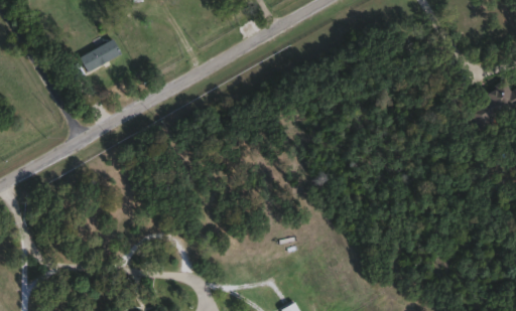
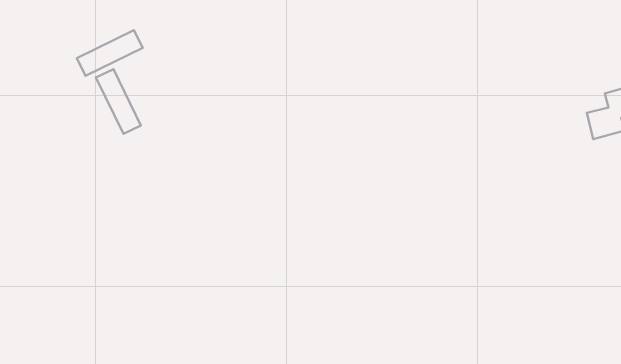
building: none -> [96,69,141,134]

